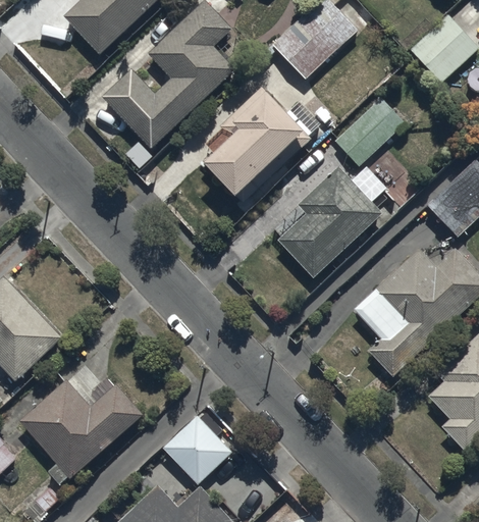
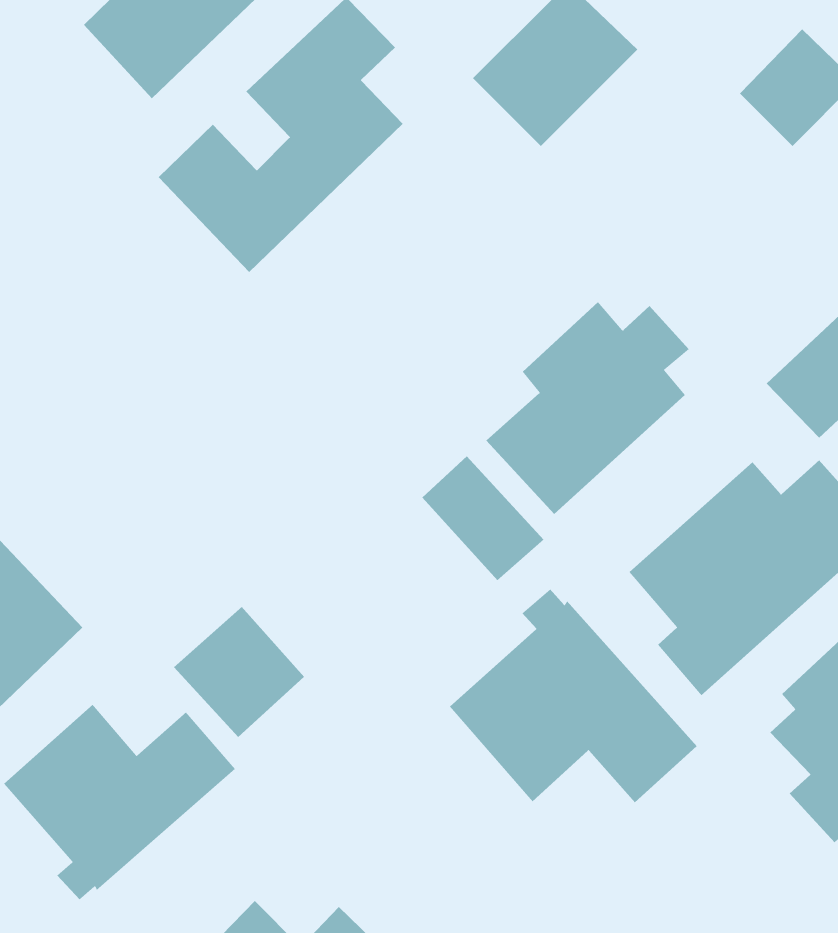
building: [202,86,322,203] -> none
building: [332,95,407,167] -> none
building: none -> [422,456,545,581]
building: none -> [449,589,697,803]
building: [161,415,231,485] -> [173,606,305,738]

